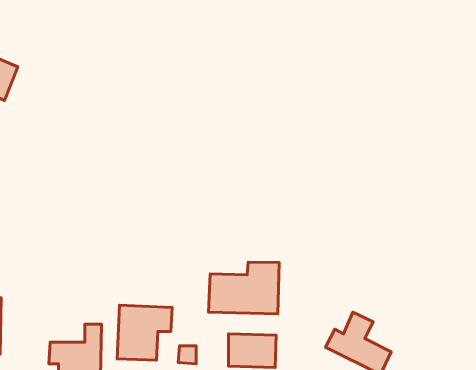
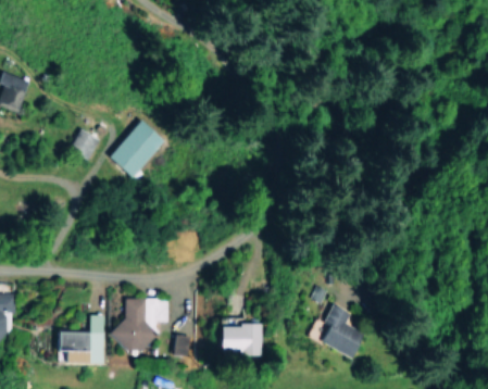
building: none -> [109,120,166,177]
building: none -> [72,130,98,160]
building: [209,262,279,314] -> none

